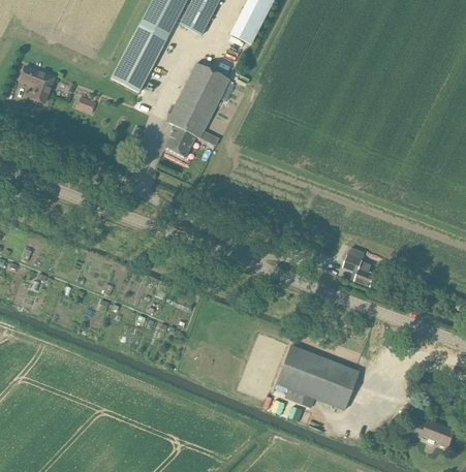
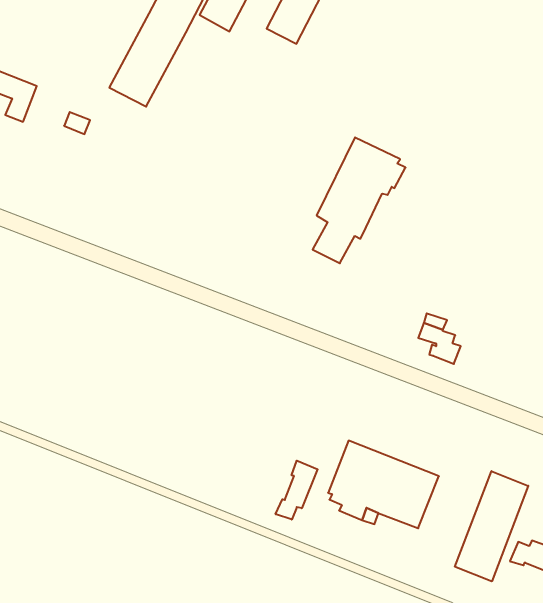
building: [164,62,235,157] -> [313,137,406,263]
building: none -> [276,461,318,520]
building: none -> [455,471,528,581]

